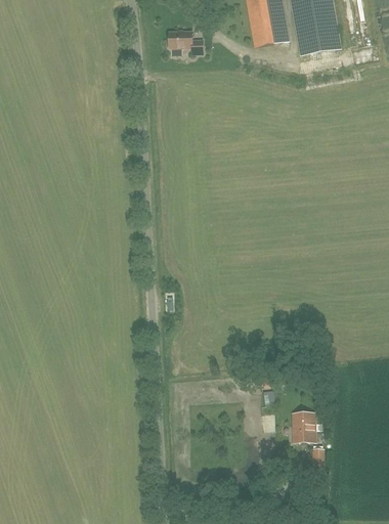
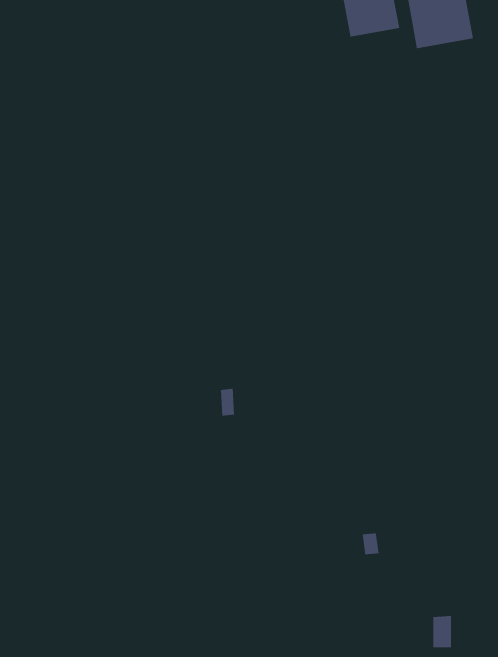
building: [169,32,203,53] -> none
building: [292,411,316,442] -> none

